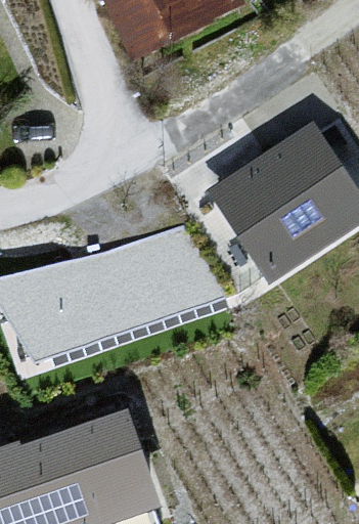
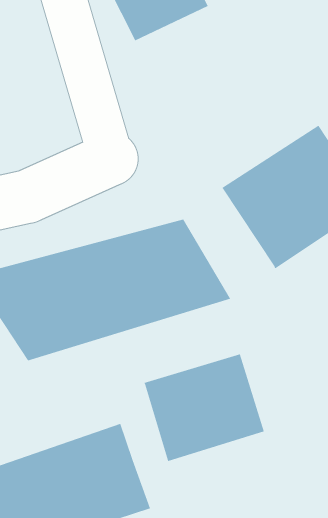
building: none -> [144,354,264,462]

